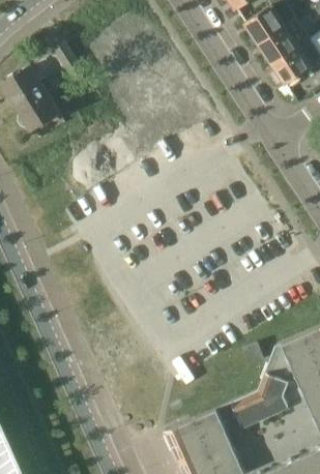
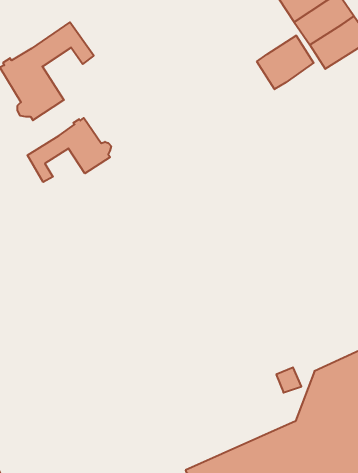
building: none -> [257,35,314,89]
building: none -> [27,118,111,182]

